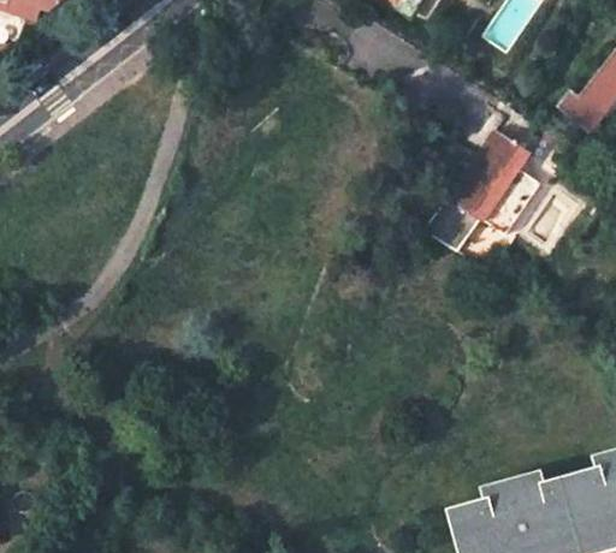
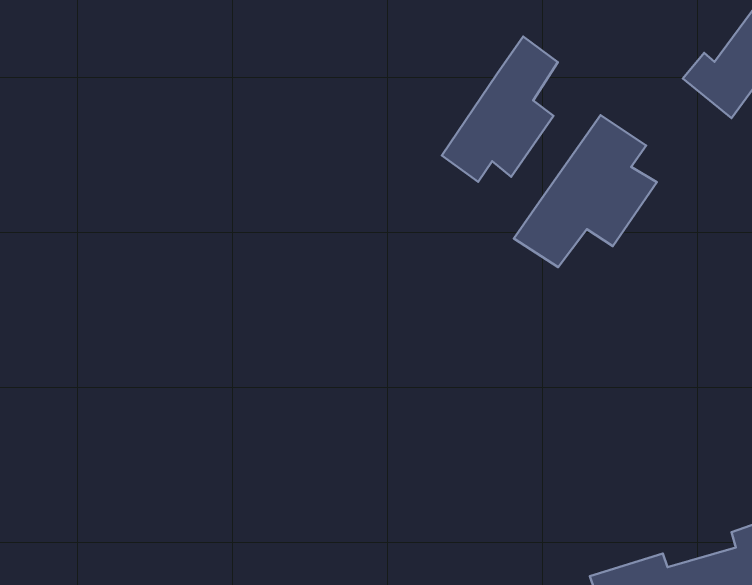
building: none -> [442,36,558,182]

